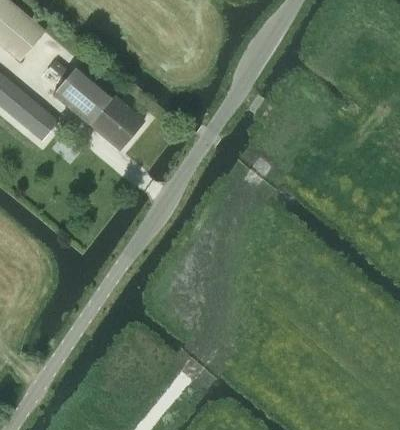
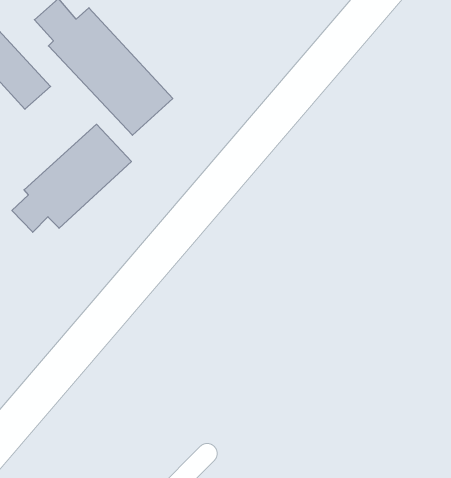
building: none -> [12,124,131,232]

